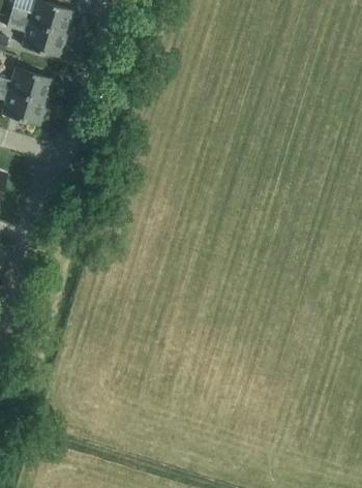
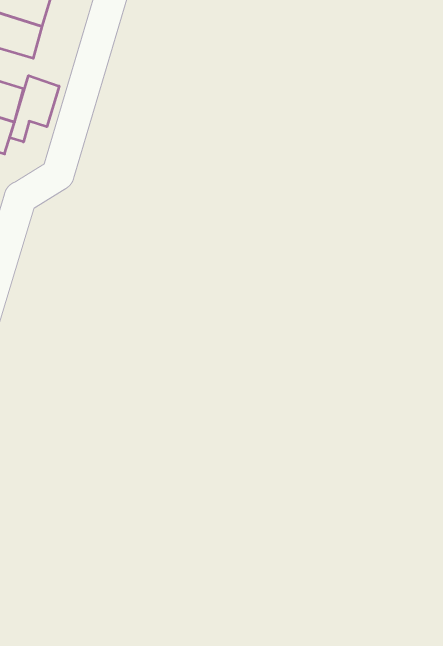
building: none -> [10,76,59,142]

